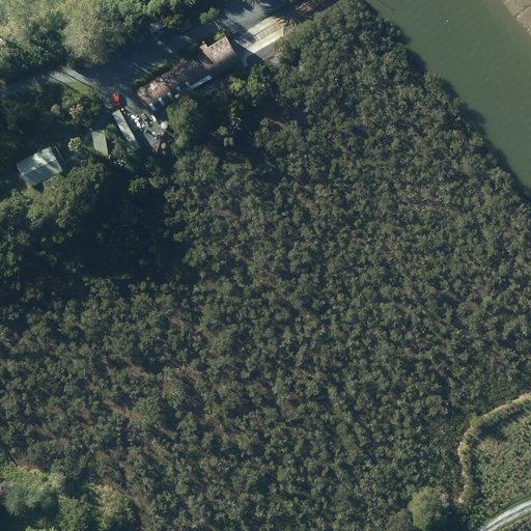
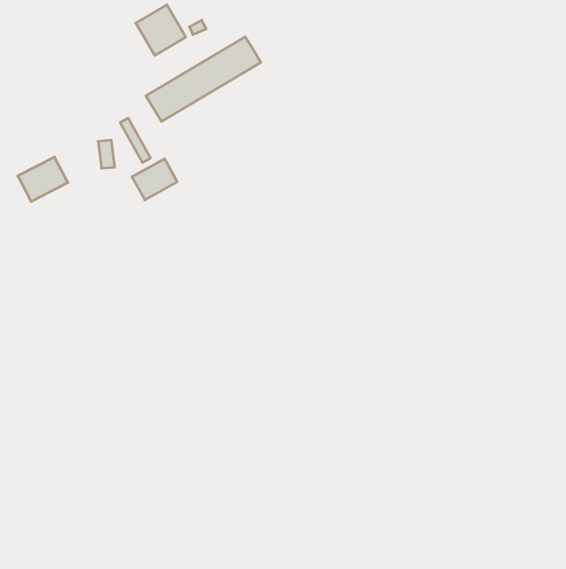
building: none -> [136,5,186,55]
building: none -> [132,159,177,200]

